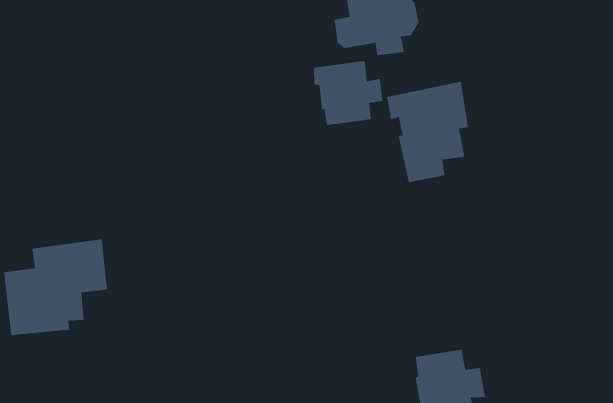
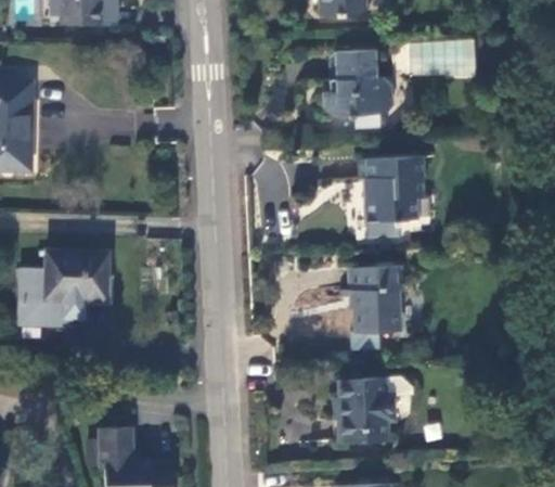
building: [313,60,383,126] -> none
building: none -> [345,269,401,335]

